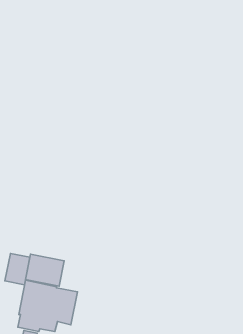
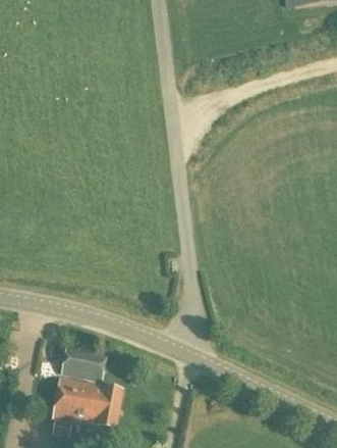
building: [5,253,30,285] -> none

